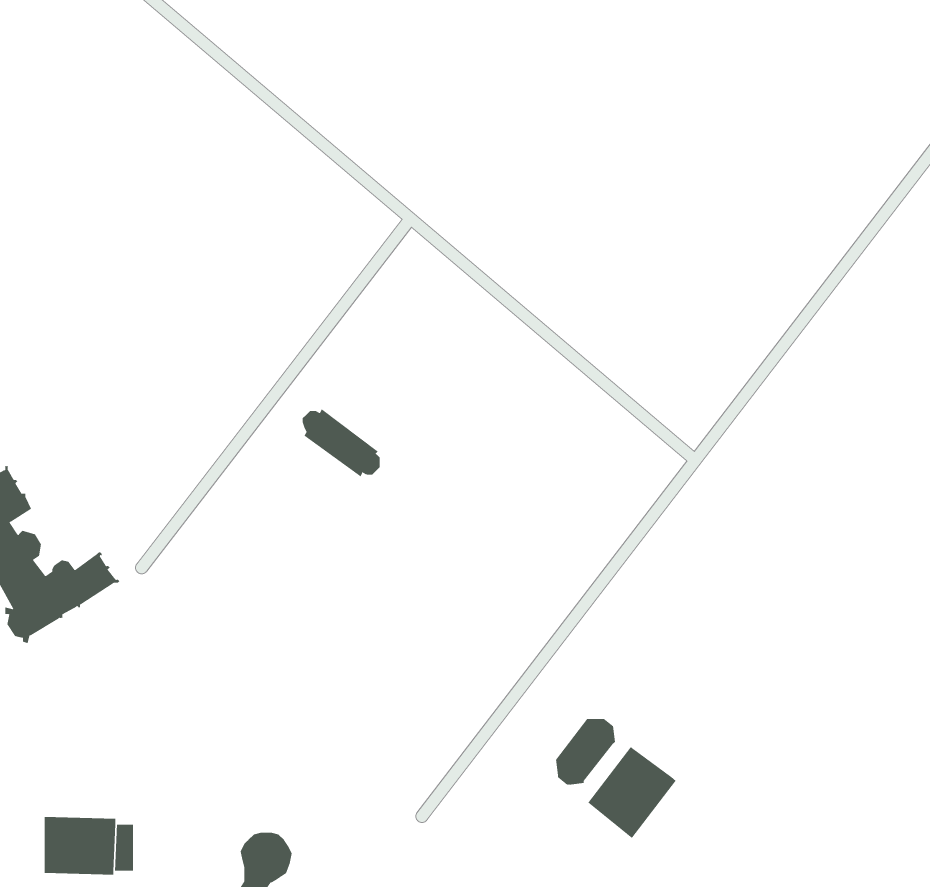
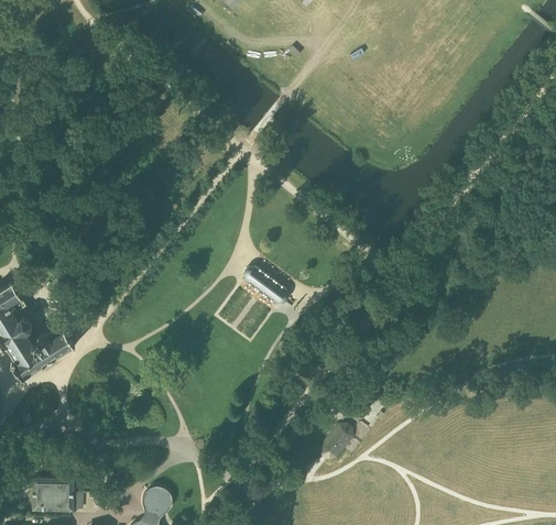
building: [302,408,380,477] -> [243,265,287,304]
building: [587,746,676,839] -> none

